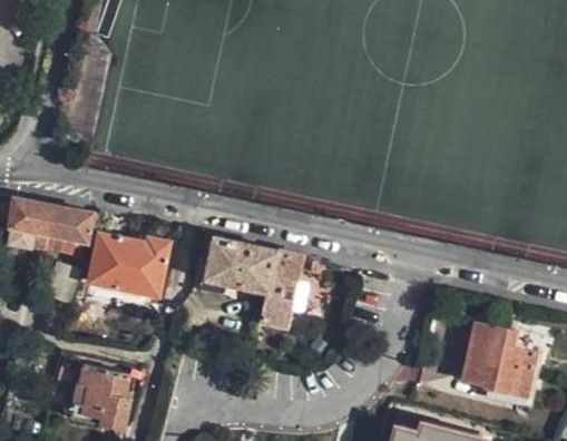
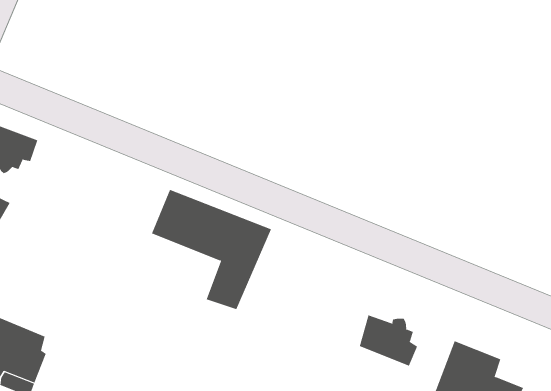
building: [86,234,169,298] -> none
building: none -> [359,315,418,367]

